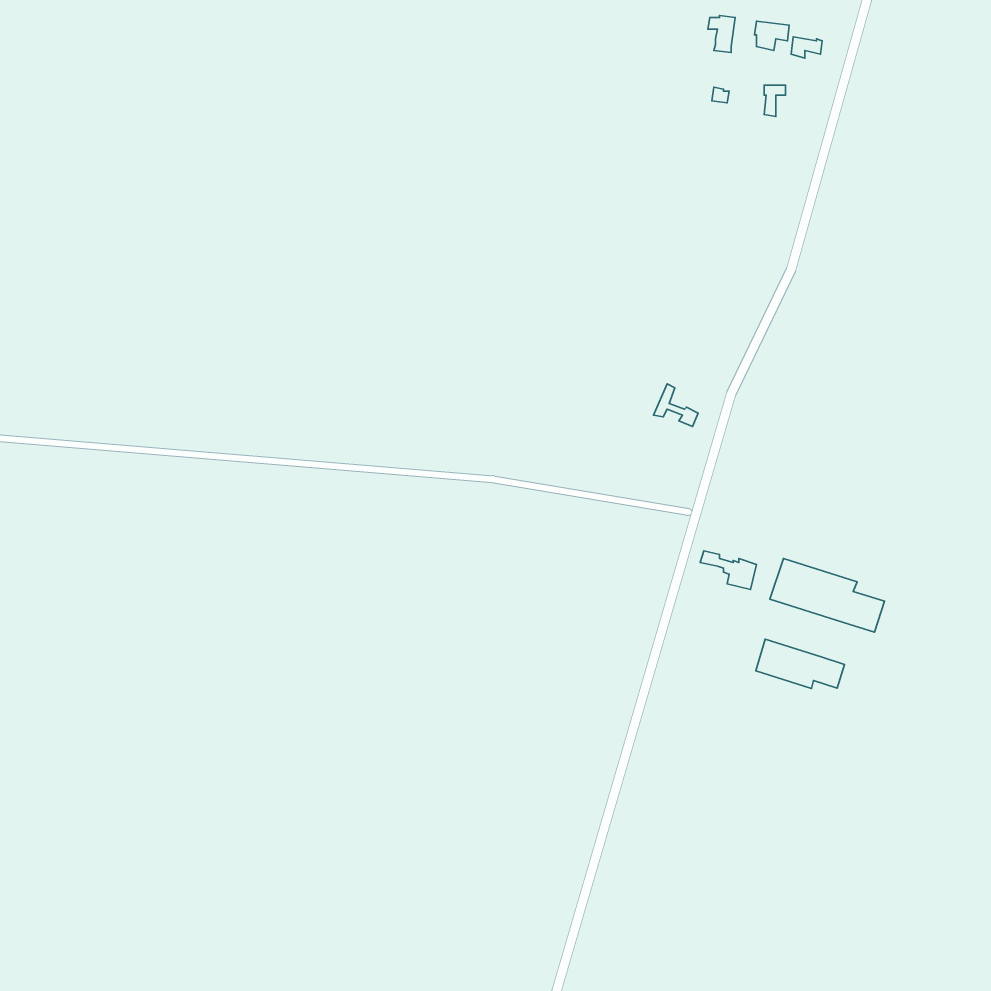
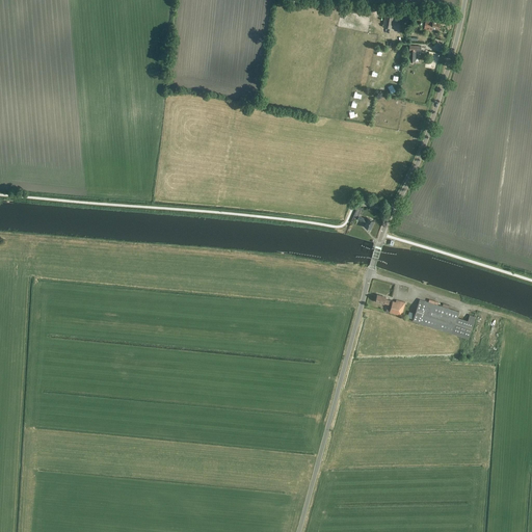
building: [756,639,845,688] -> none

